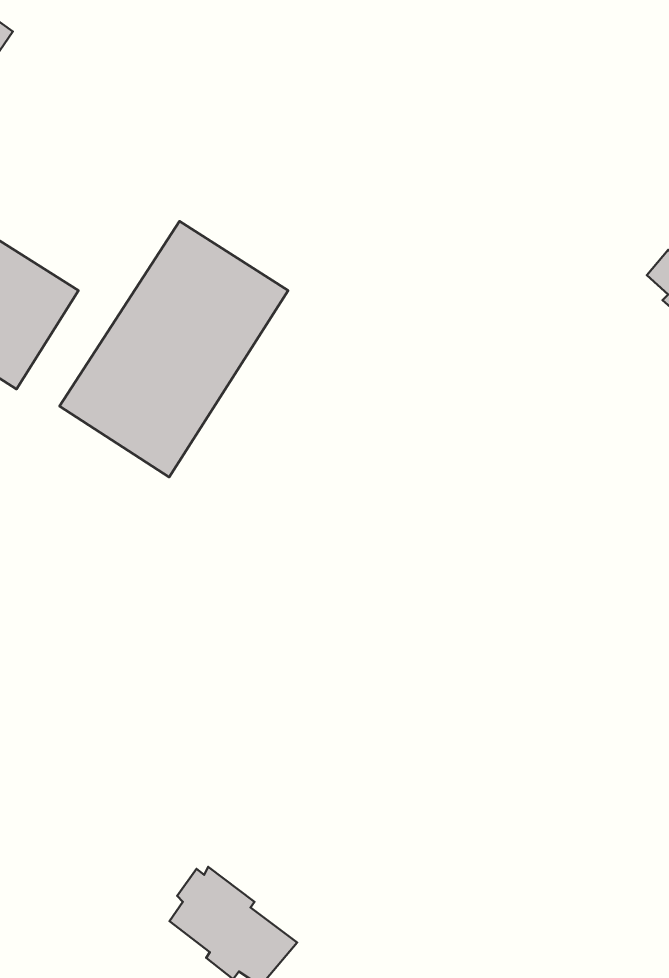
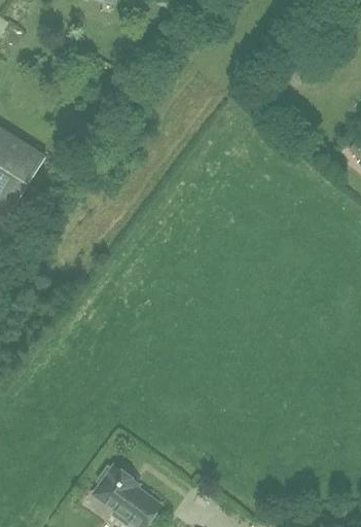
building: [59,221,288,477] -> none

